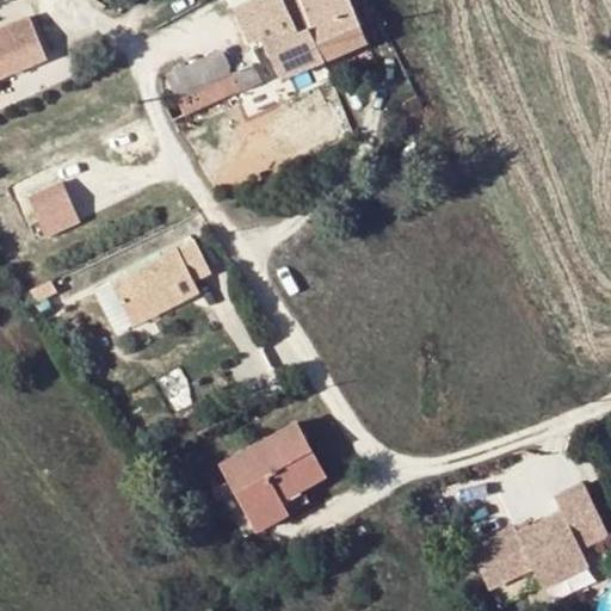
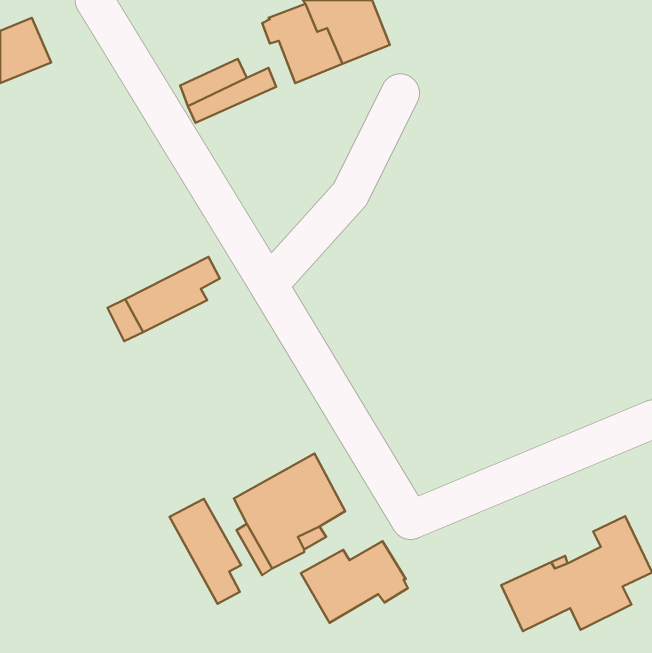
building: [30,183,80,236] -> none
building: none -> [169,499,241,604]
building: none -> [301,541,408,623]

